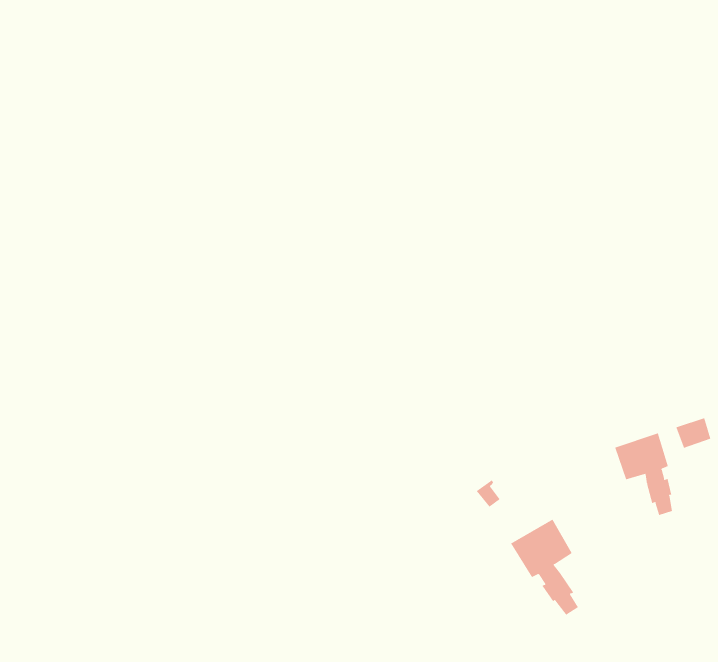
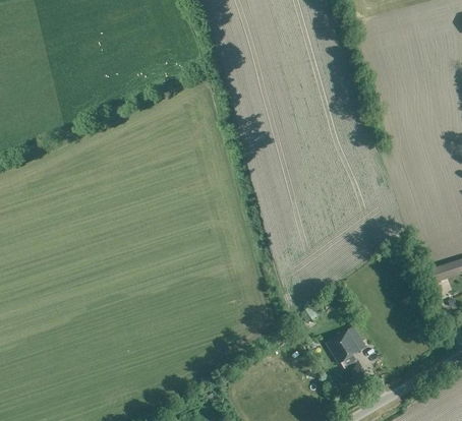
building: [615,432,673,516] -> none

